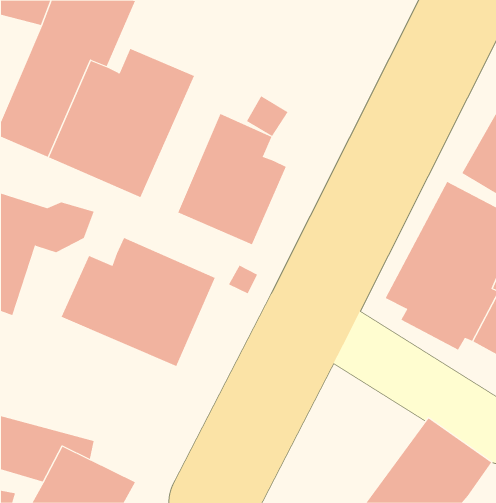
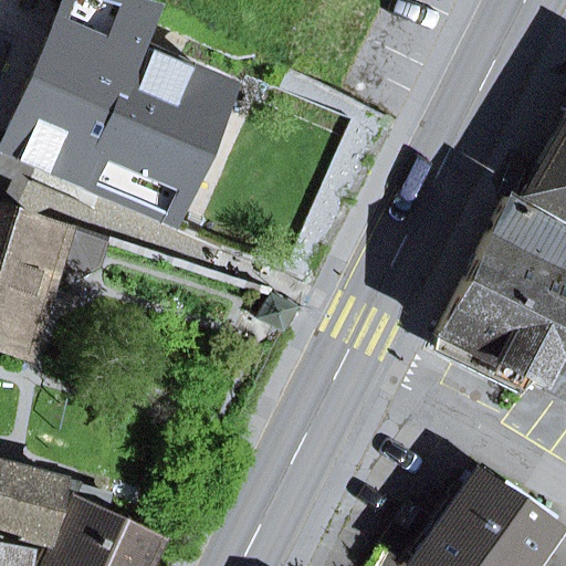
building: [177,113,287,245] -> none
building: [61,237,216,367] -> none

